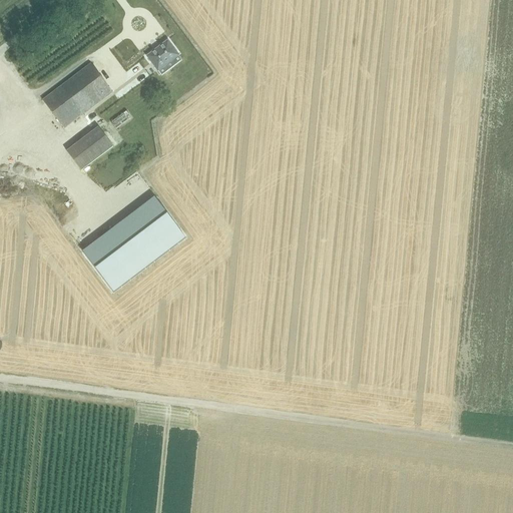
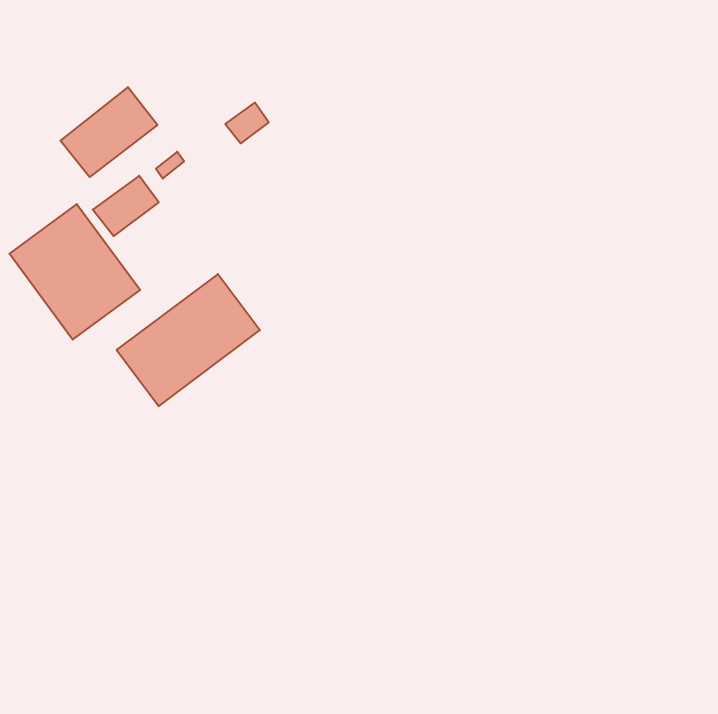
building: [146,37,177,66] -> [225,103,269,143]
building: none -> [9,204,140,340]

